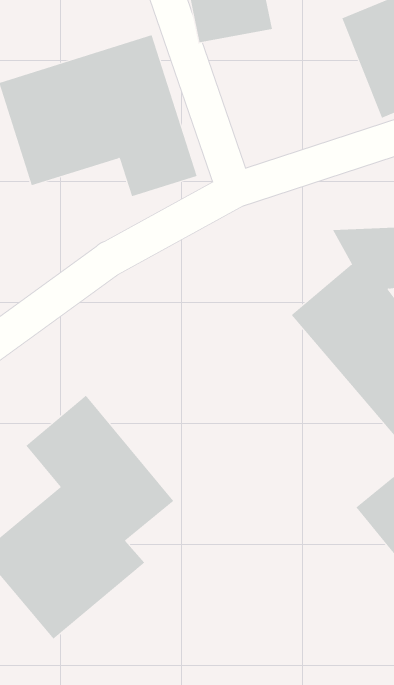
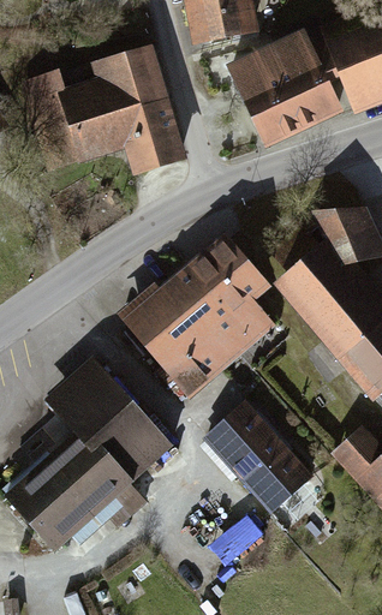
building: none -> [227,26,346,149]
building: none -> [115,239,271,398]
building: none -> [204,401,314,513]

